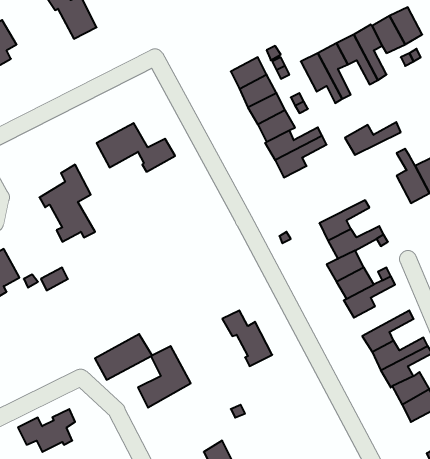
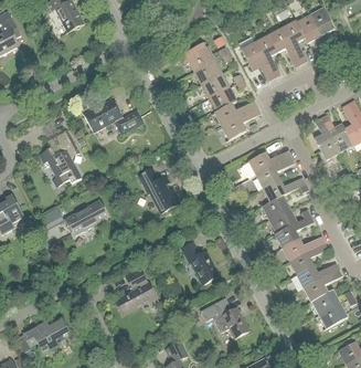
building: [345,122,401,155] -> [247,148,290,174]
building: none -> [138,167,180,212]
building: none -> [282,235,325,261]
building: [95,334,152,380] -> [64,199,108,234]
building: none -> [199,297,248,338]

